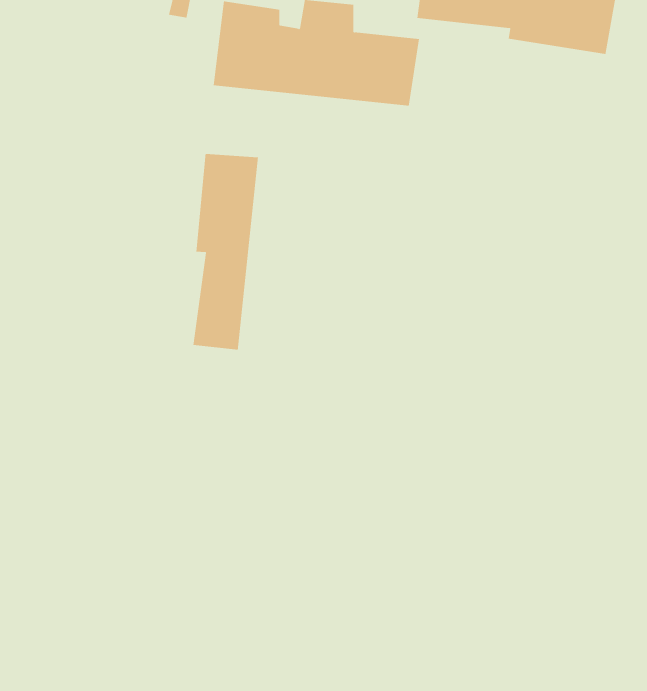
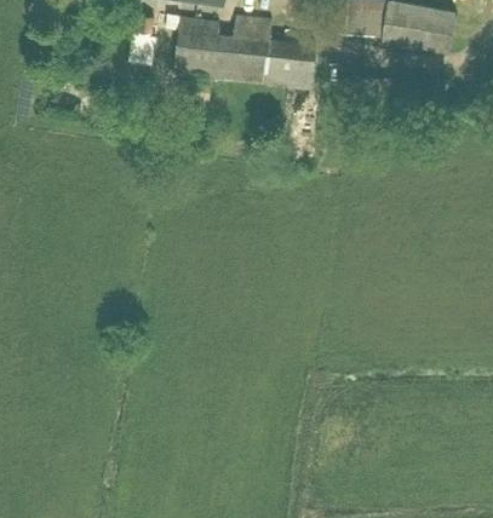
building: [193,153,258,350] -> none

